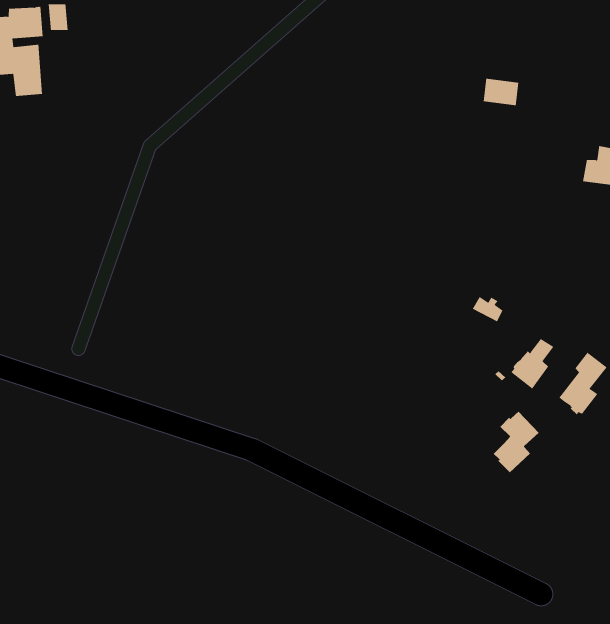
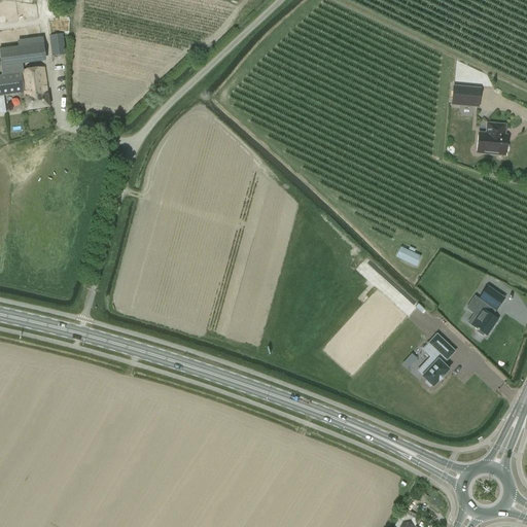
building: [483,78,519,106] -> [452,84,480,105]
building: [510,338,554,389] -> none

